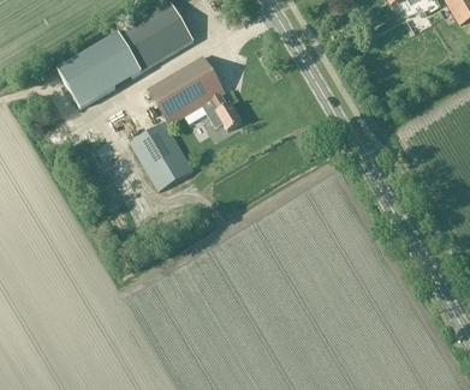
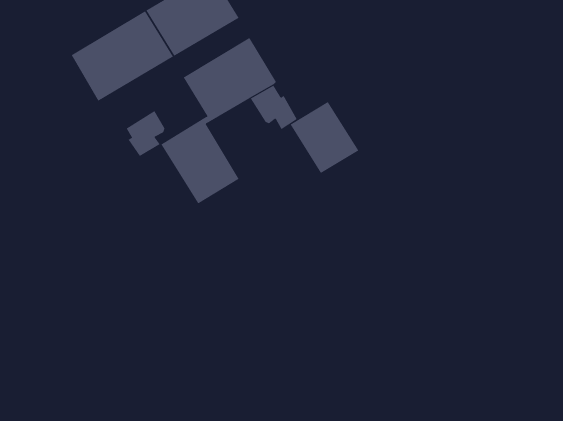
building: none -> [290,101,359,174]
building: none -> [126,110,165,157]

